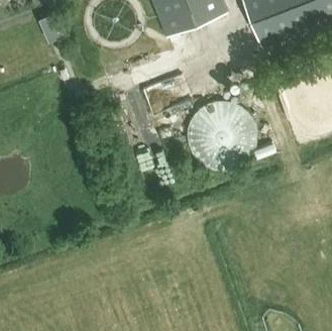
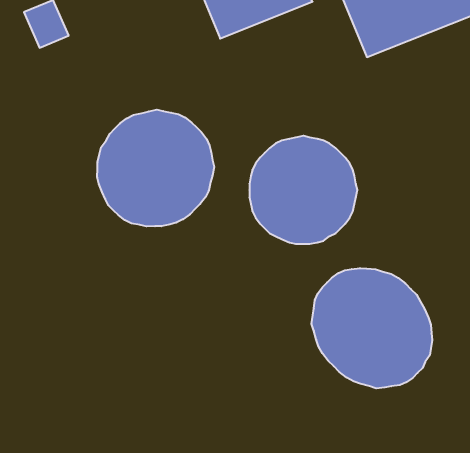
building: none -> [97,110,214,226]
building: none -> [312,268,432,388]

